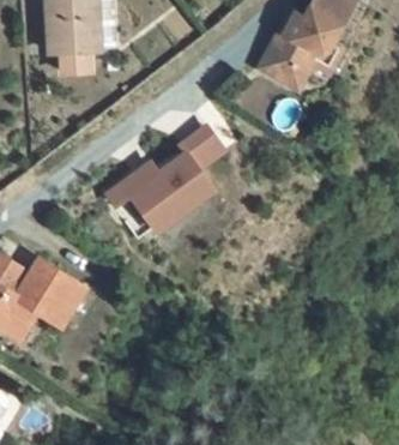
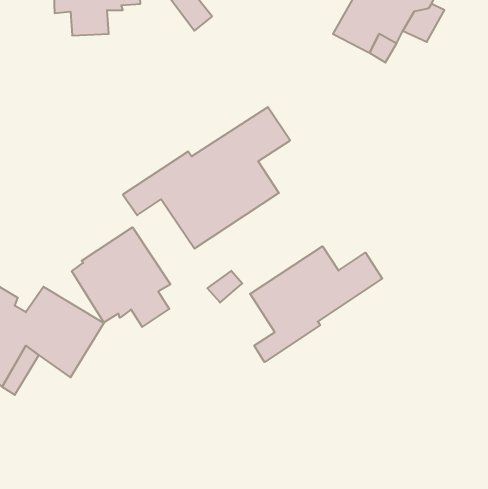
building: none -> [72,227,170,327]
building: none -> [250,246,382,362]

